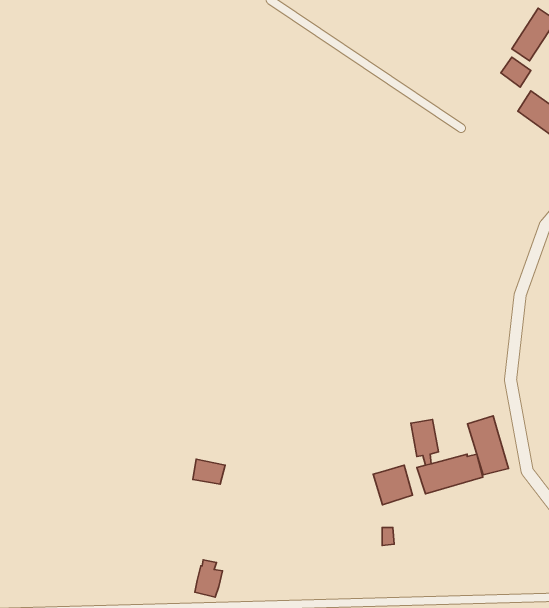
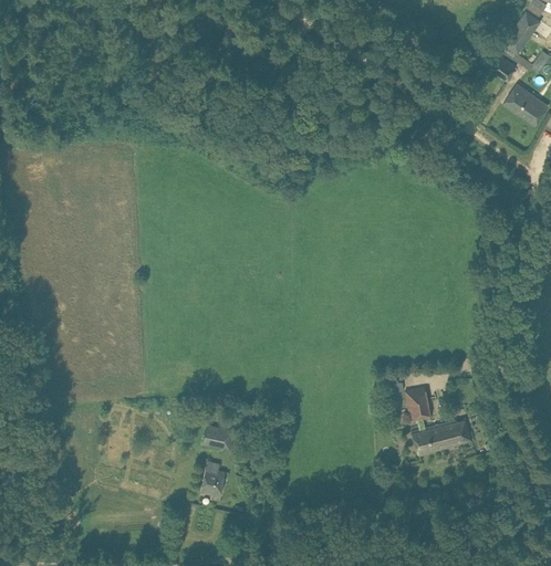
building: [468,416,509,475] -> none
building: [373,465,413,505] -> none
building: [195,560,222,597] -> [201,461,227,495]

